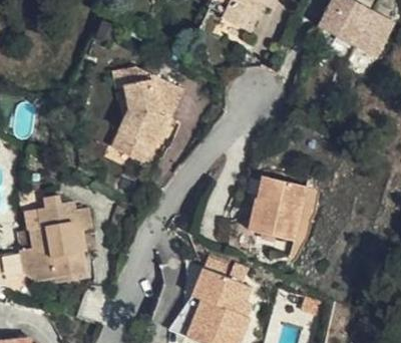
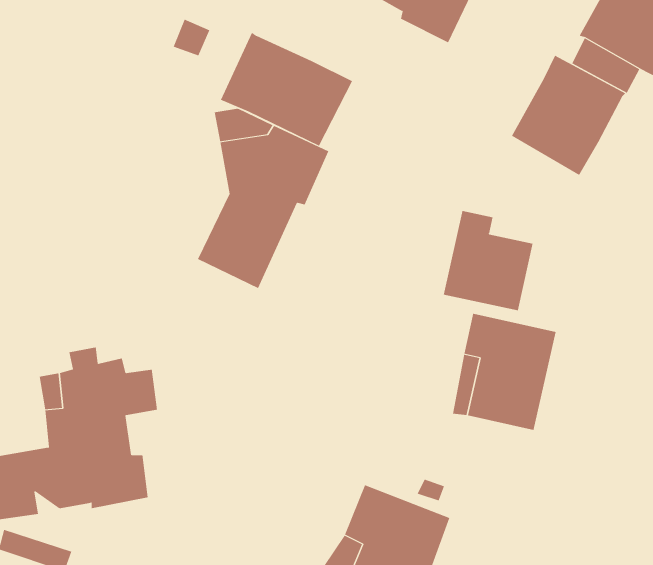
building: none -> [220,32,353,146]
building: none -> [511,55,626,176]
building: none -> [443,210,533,311]

